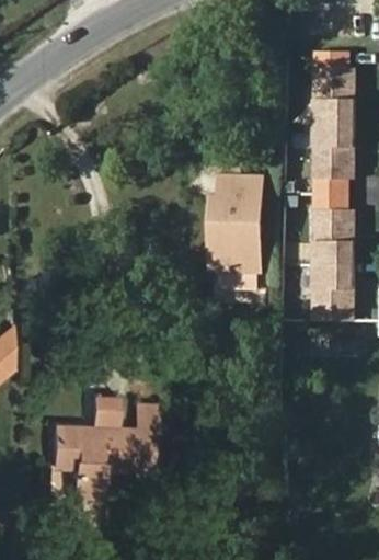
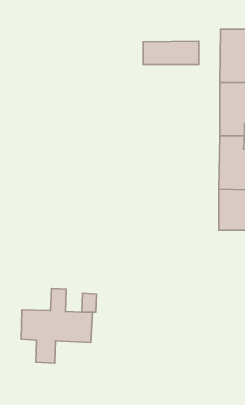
building: none -> [143,41,199,64]
building: [214,176,262,289] -> none

